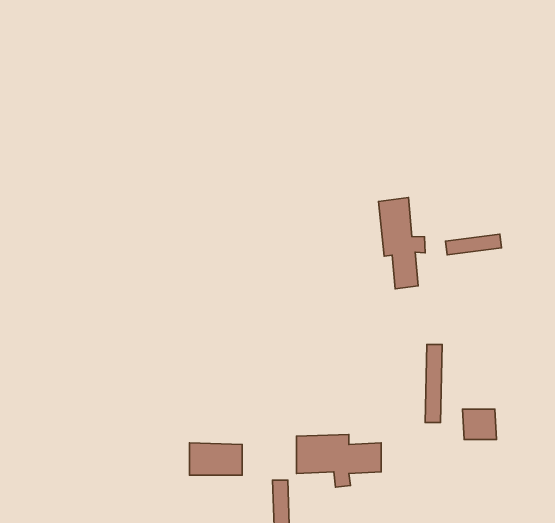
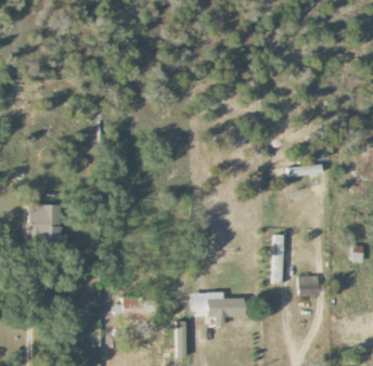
building: [379,198,425,289] -> none
building: none -> [28,205,62,238]

